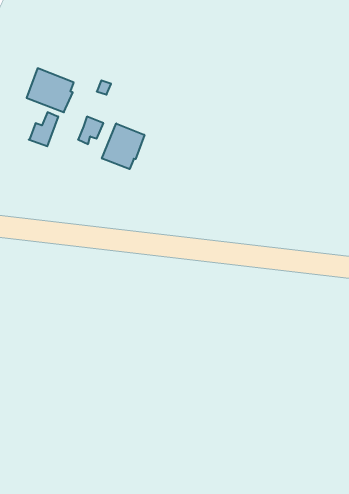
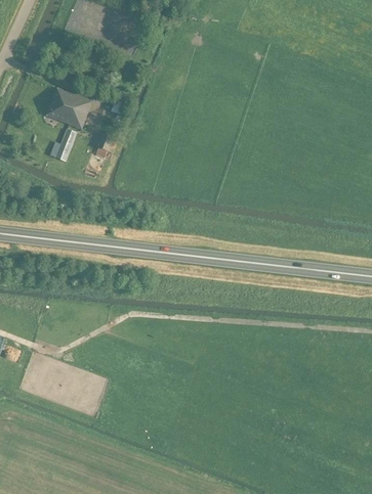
building: [102,123,144,169] -> none

